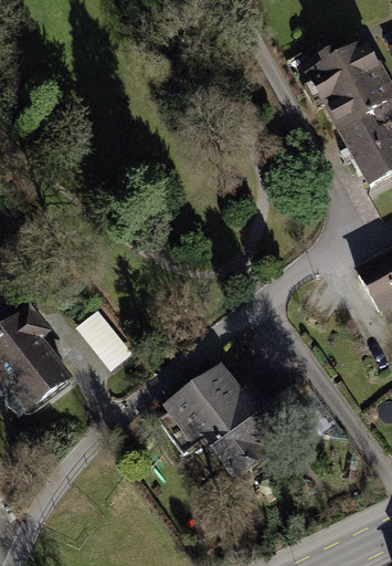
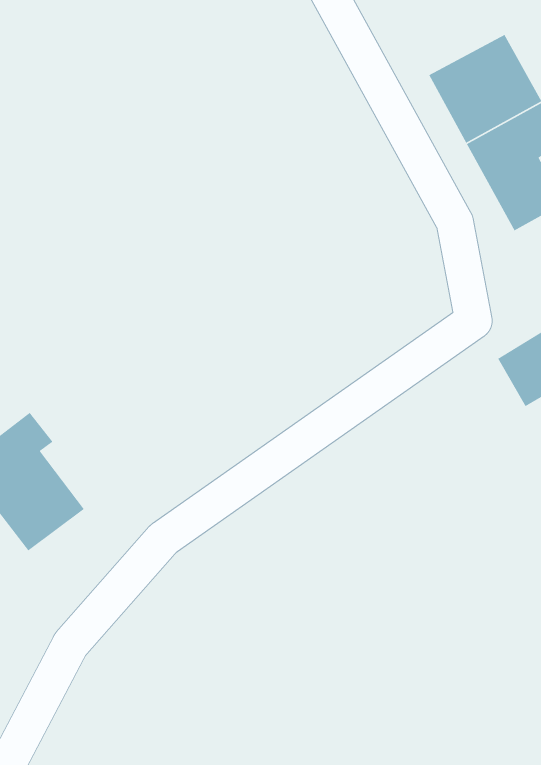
building: [76,307,133,368] -> none
building: [160,373,275,470] -> none

